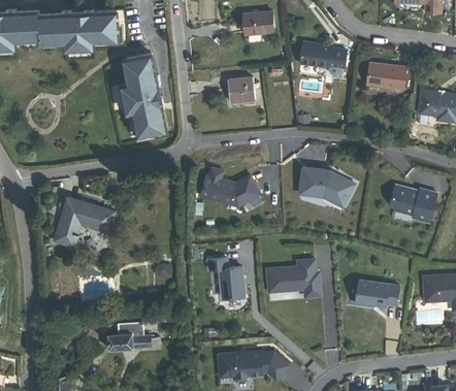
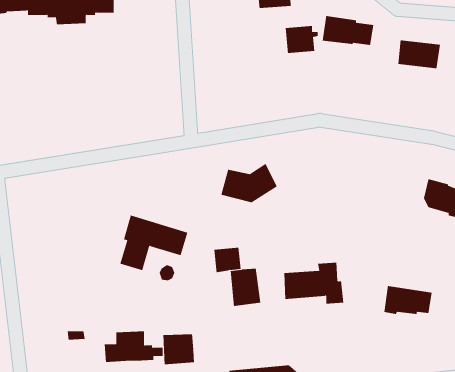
building: [125,56,170,137] -> none
building: [228,78,258,103] -> [285,26,319,54]
building: [298,169,354,206] -> none
building: [54,195,115,245] -> [120,215,188,271]
building: none -> [163,334,194,365]

